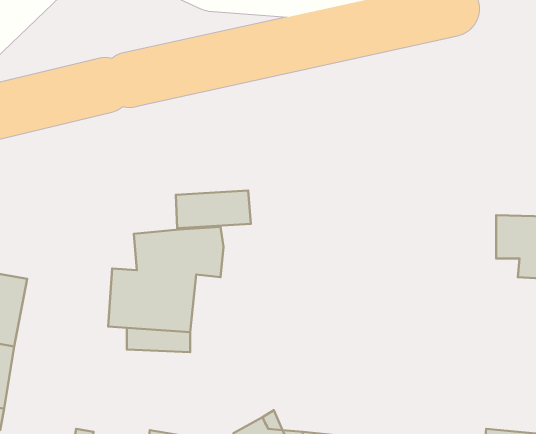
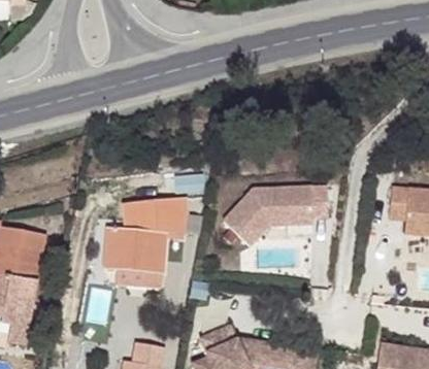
building: none -> [221,190,326,251]

